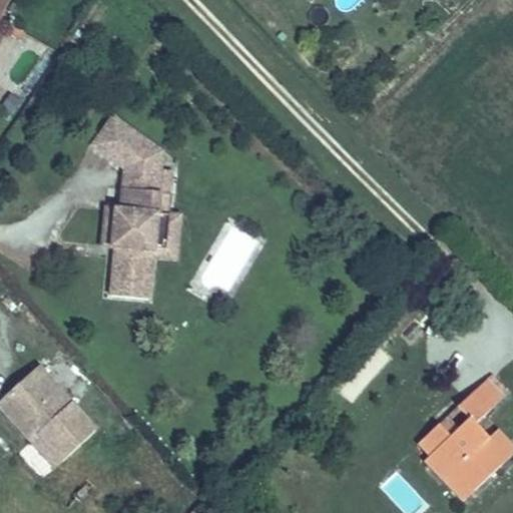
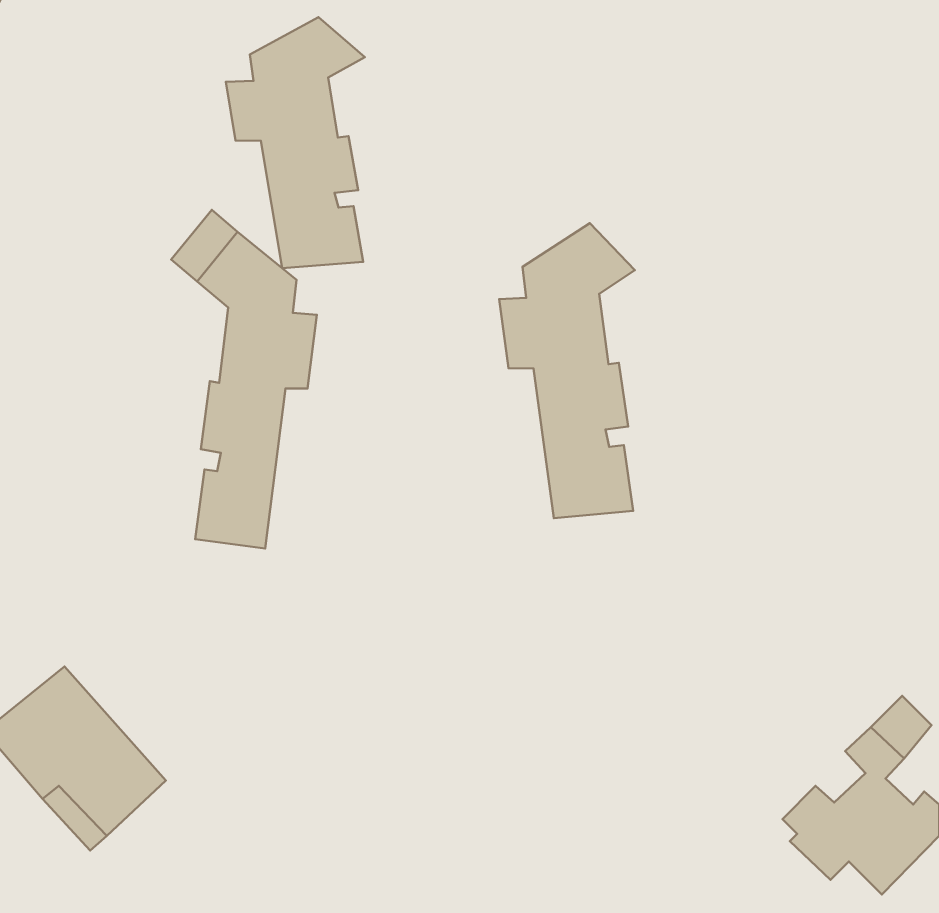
building: none -> [226,17,365,268]
building: none -> [499,223,635,518]

